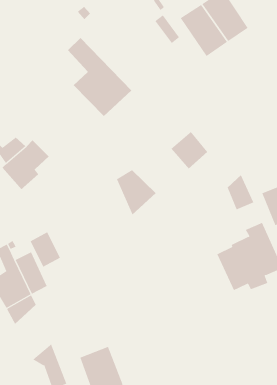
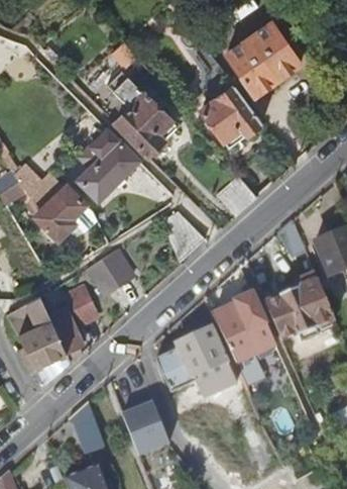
building: none -> [201,85,263,148]
building: none -> [77,132,135,200]
building: none -> [89,249,134,292]
building: none -> [215,293,275,363]
building: none -> [159,328,237,398]

